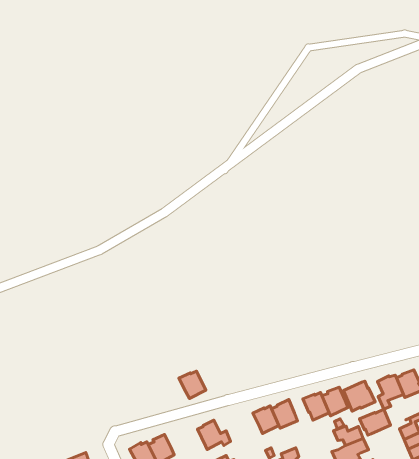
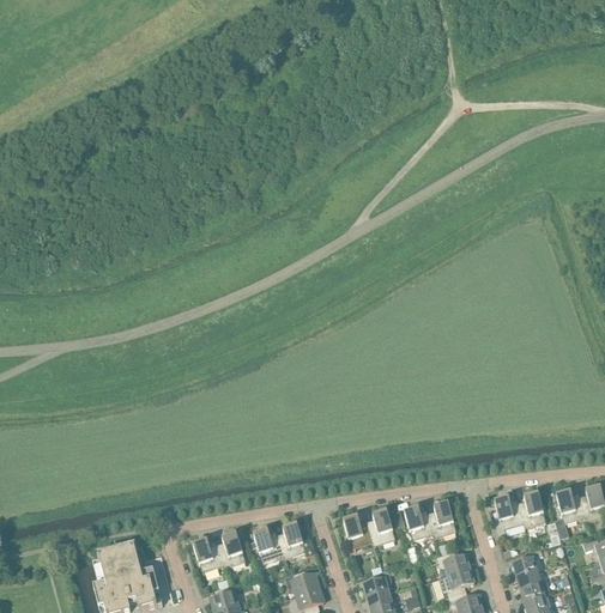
building: [179,371,206,398] -> [253,528,283,559]
building: [343,381,375,411] -> none
building: [359,409,391,435] -> none

